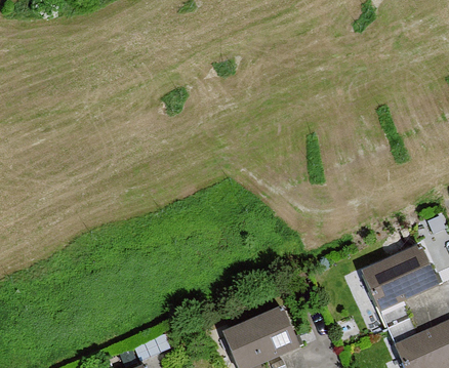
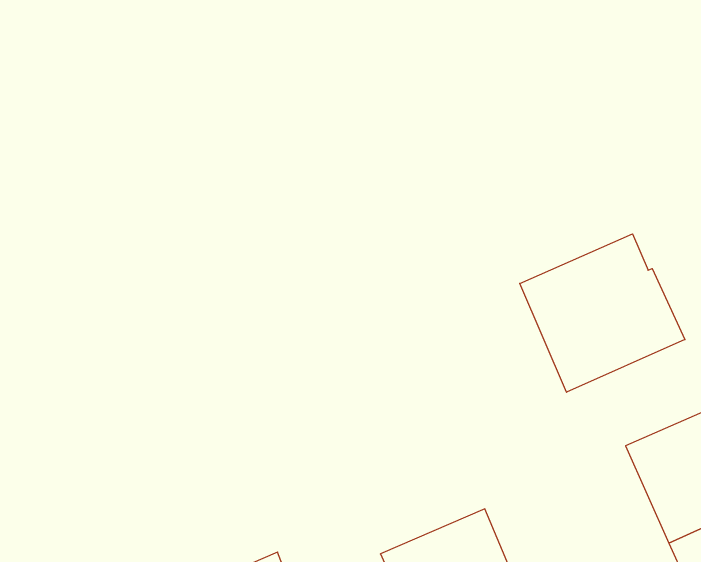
building: none -> [520,234,685,392]

